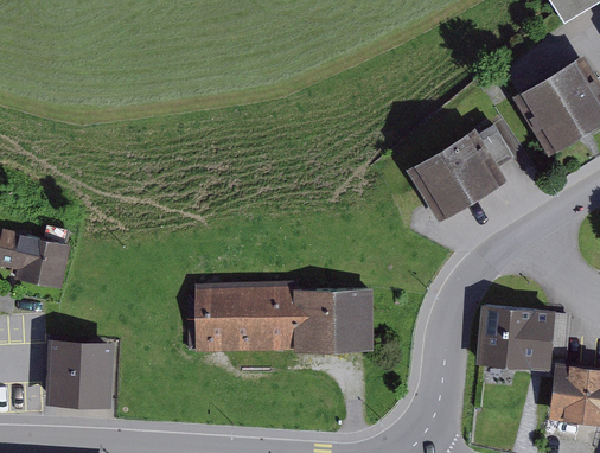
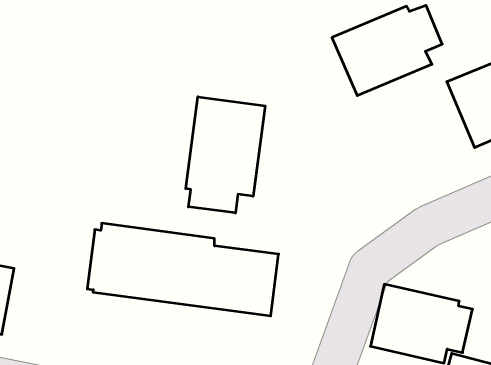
building: [407,125,516,223] -> [332,5,442,96]
building: none -> [186,97,265,213]

